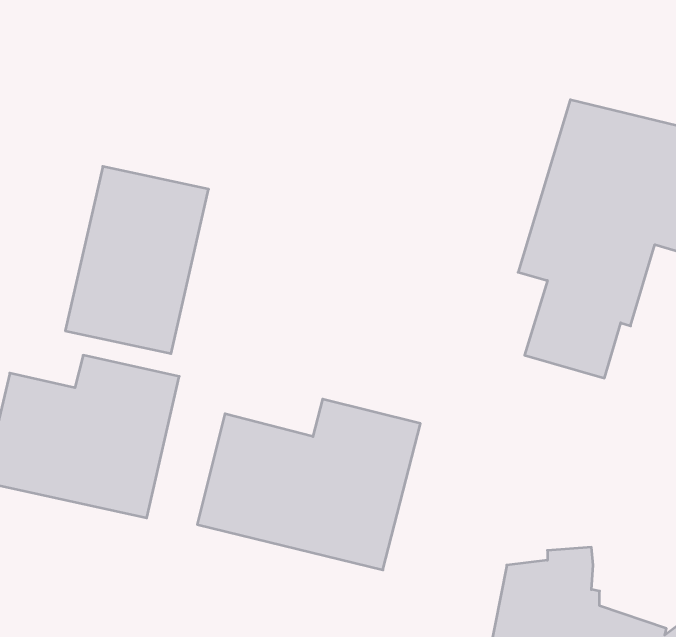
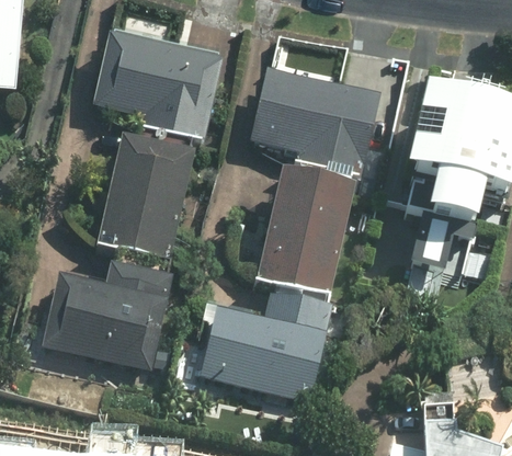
building: none -> [92,29,224,140]
building: none -> [251,66,380,176]
building: none -> [255,166,356,293]

